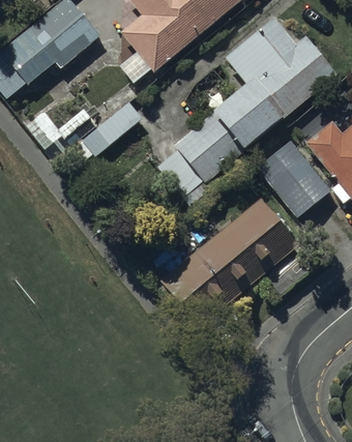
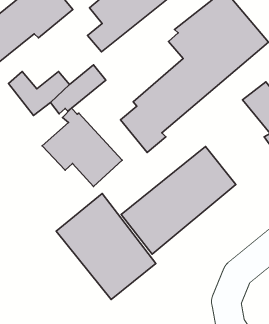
building: [258,139,331,218] -> none
building: none -> [42,108,122,186]
building: none -> [56,193,156,300]

